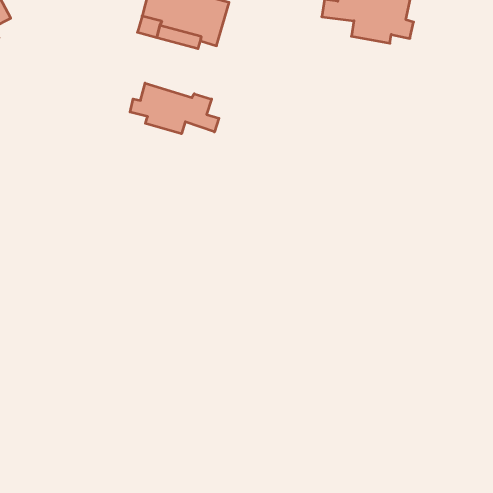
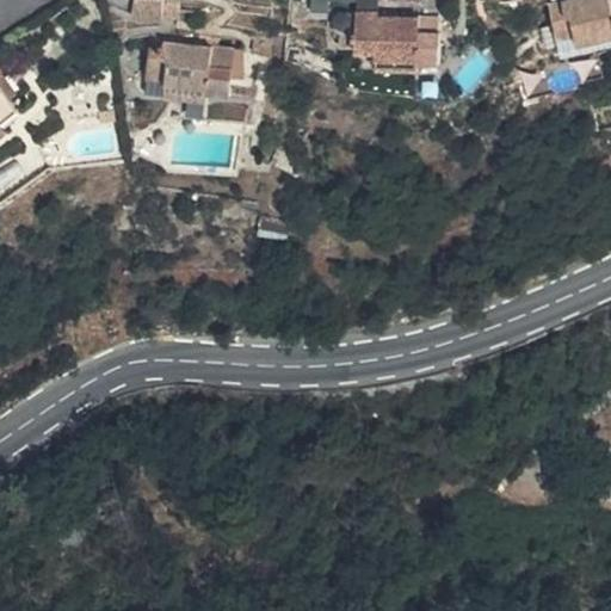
building: [130,83,219,134] -> none

